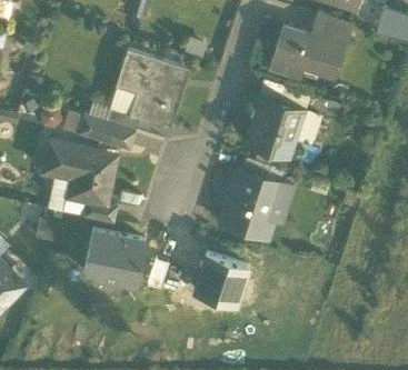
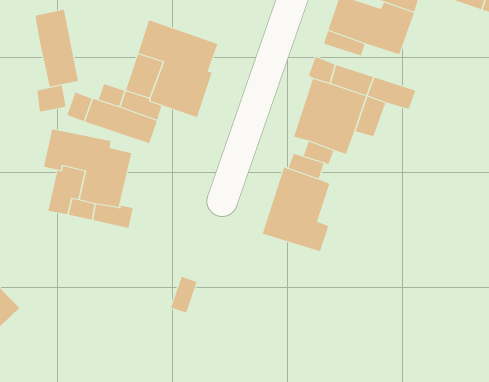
building: none -> [35,9,79,88]
building: [266,182,293,224] -> none
building: [83,229,143,281] -> none
building: [193,253,247,303] -> none

